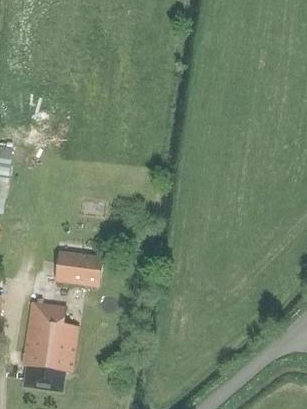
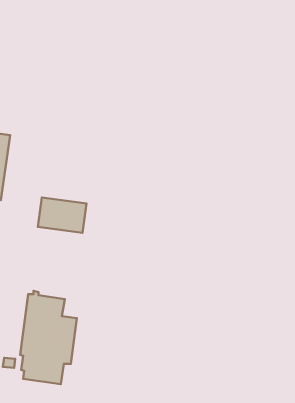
building: [56,250,104,285] -> [38,198,86,233]

